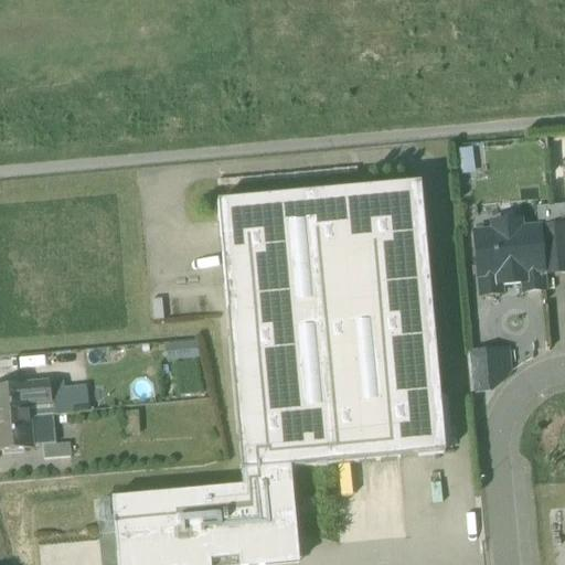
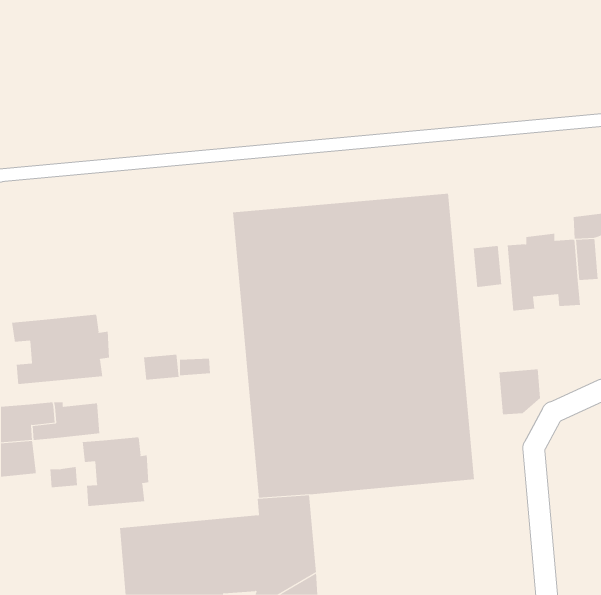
building: none -> [473,245,502,288]
building: none -> [11,314,109,385]
building: none -> [143,354,179,380]
building: none -> [82,437,149,507]
building: [32,411,57,441] -> none

